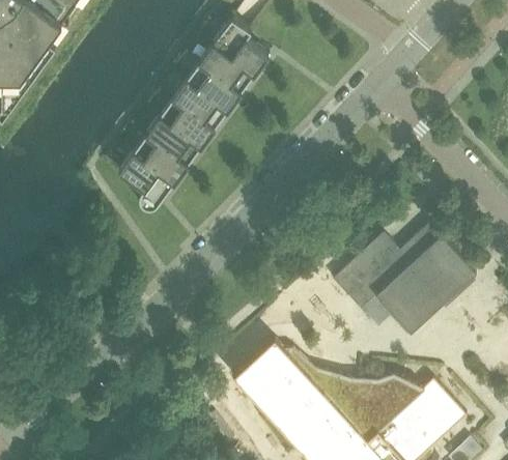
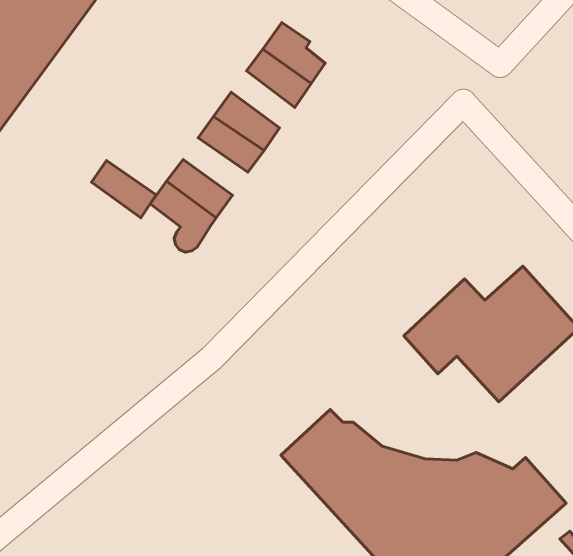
building: [190,61,242,108] -> none
building: [150,116,203,163] -> [91,161,156,218]

